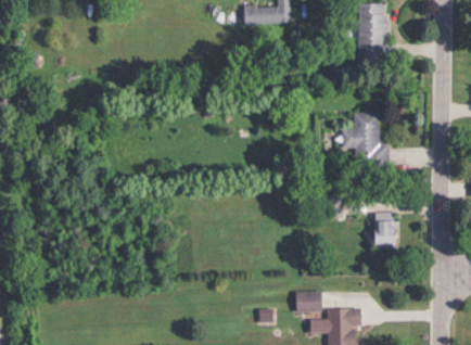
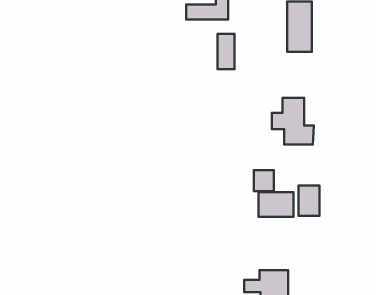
building: none -> [217,34,235,69]
building: none -> [259,192,294,217]
building: [295,292,320,310] -> none

